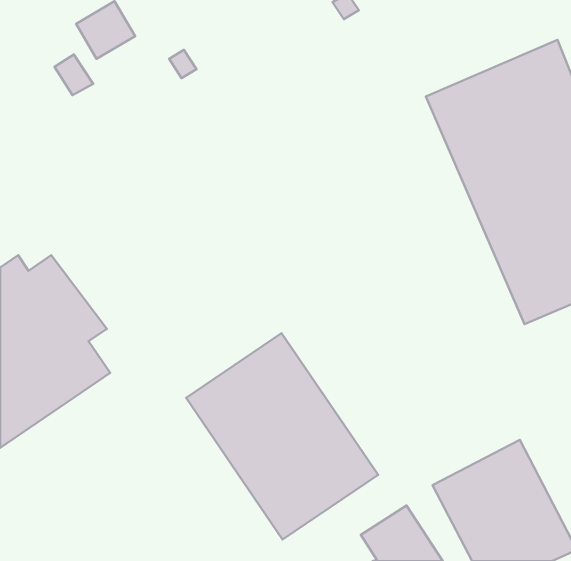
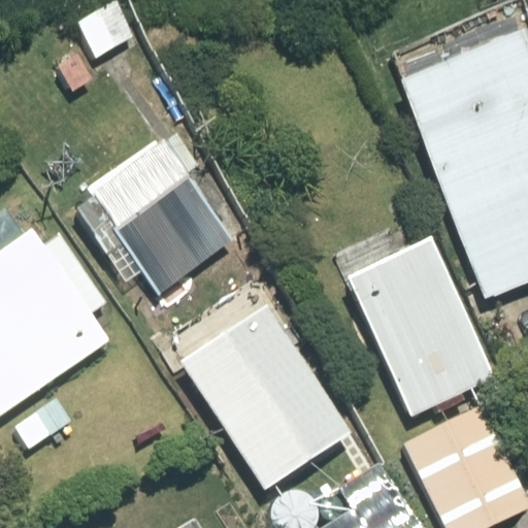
building: none -> [77,133,235,293]
building: none -> [343,239,493,416]

